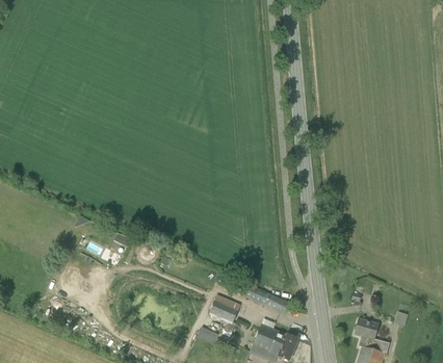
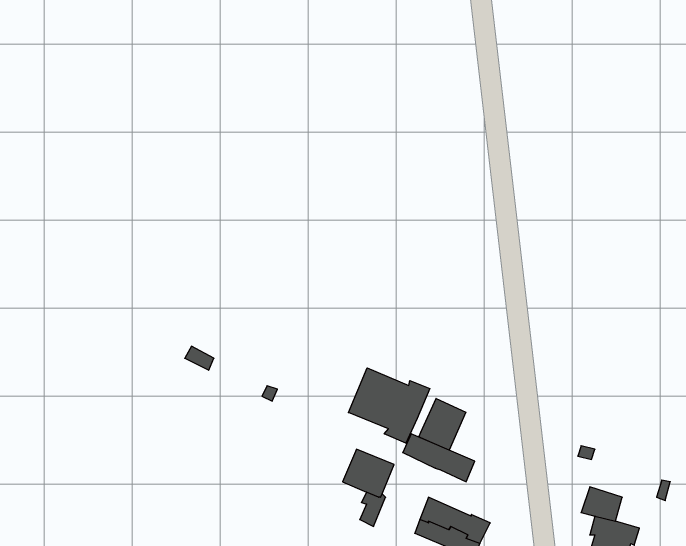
building: none -> [348,368,430,443]
building: none -> [419,398,466,450]

